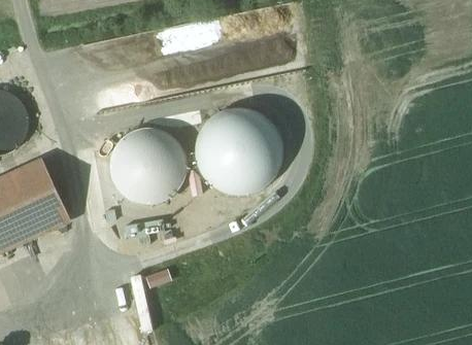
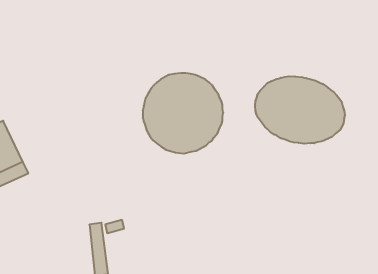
building: none -> [255,76,345,144]
building: [109,128,187,205] -> none

